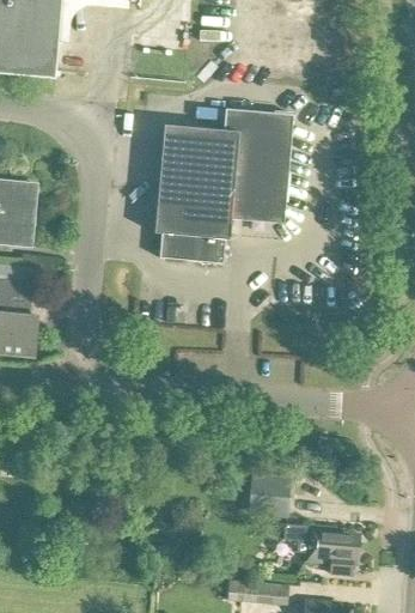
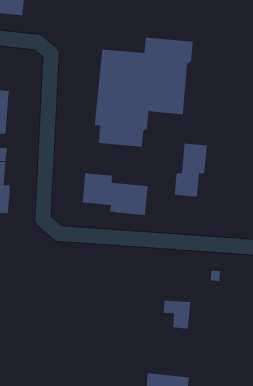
building: none -> [174,143,207,197]
building: none -> [82,173,148,216]
building: [283,524,360,576] -> none

